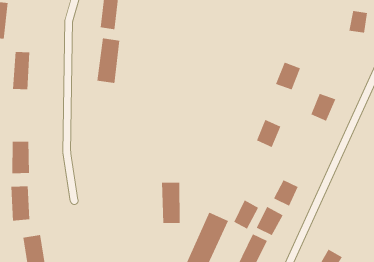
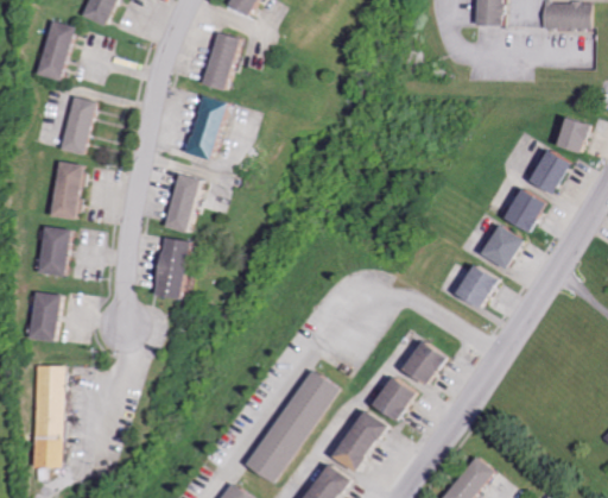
building: none -> [531,153,570,196]
building: [275,62,301,90] -> [505,191,545,234]
building: none -> [166,170,203,232]
building: none -> [49,160,82,221]
building: [256,119,281,148] -> [457,269,496,311]
building: [161,182,181,224] -> [154,238,190,302]
building: [233,200,259,230] -> none

